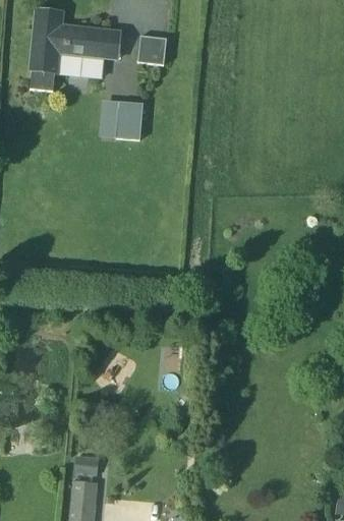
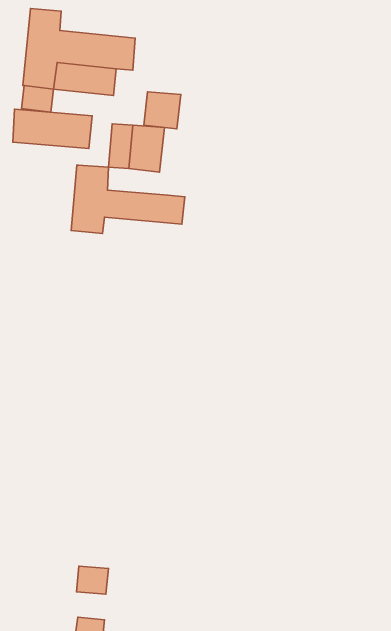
building: [136,36,166,65] -> [144,92,181,129]
building: none -> [13,109,92,149]
building: none -> [71,165,185,234]

